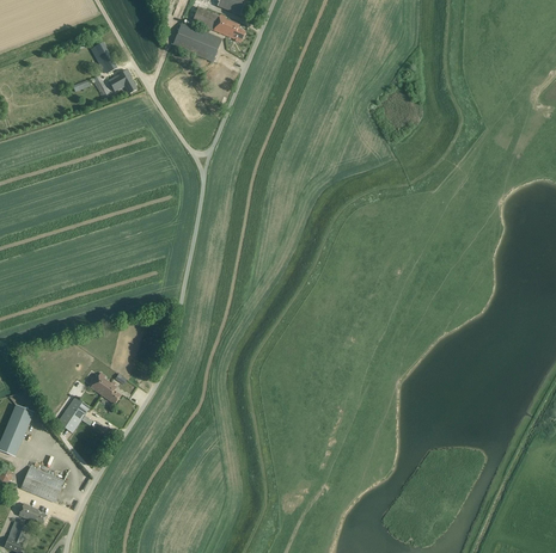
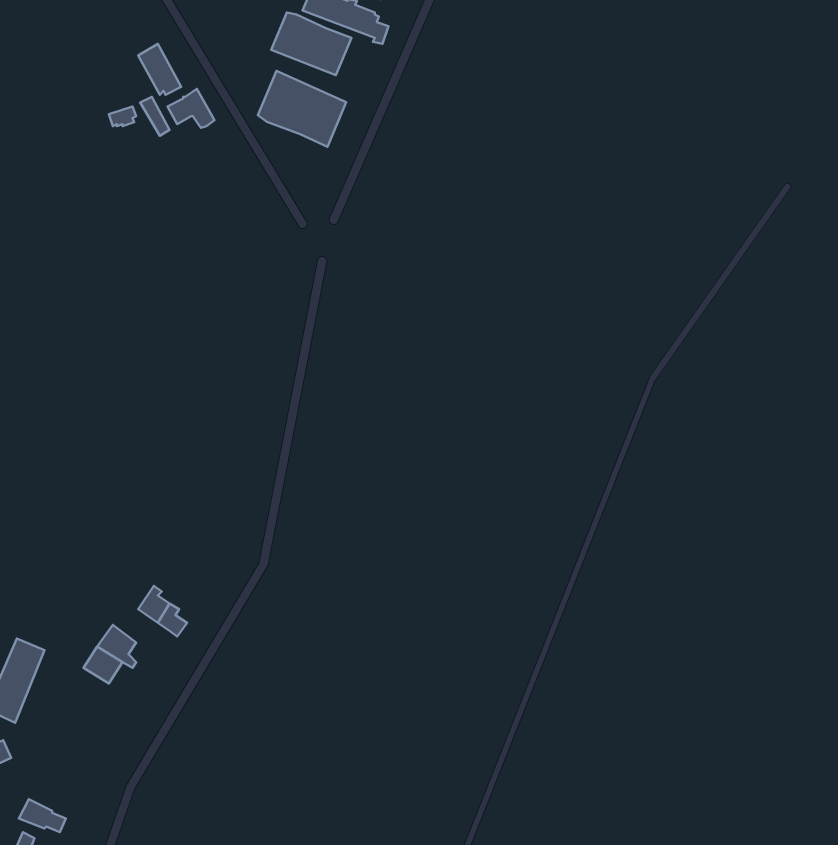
building: none -> [258,71,346,147]
building: [20,466,63,502] -> none

